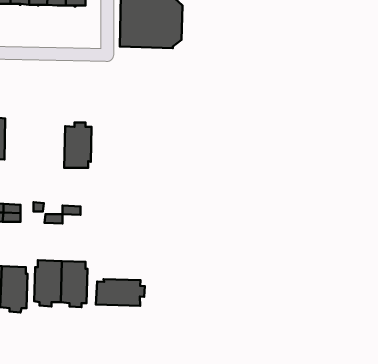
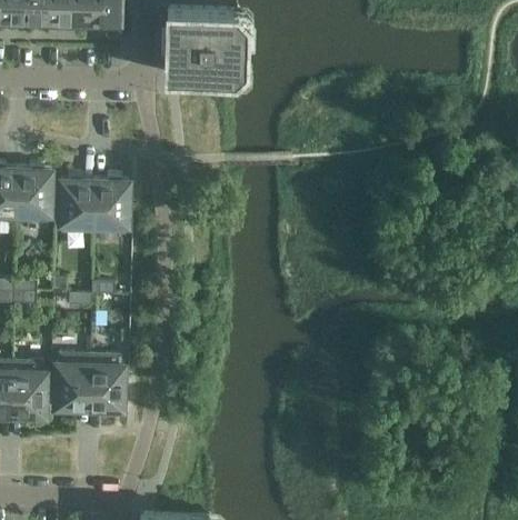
building: none -> [14,164,50,223]
building: none -> [58,174,93,234]
building: [96,279,145,306] -> none

